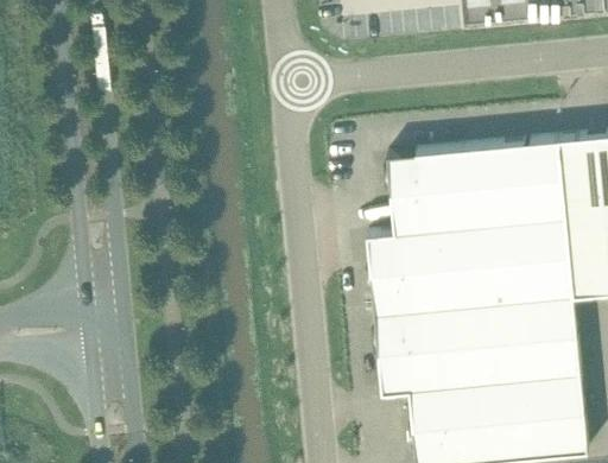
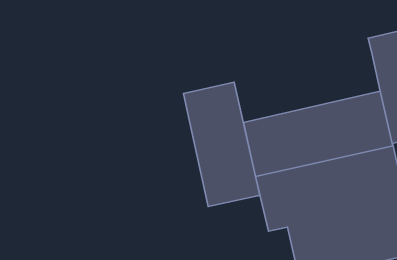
building: [388,142,566,236] -> none
building: none -> [183,82,260,207]

